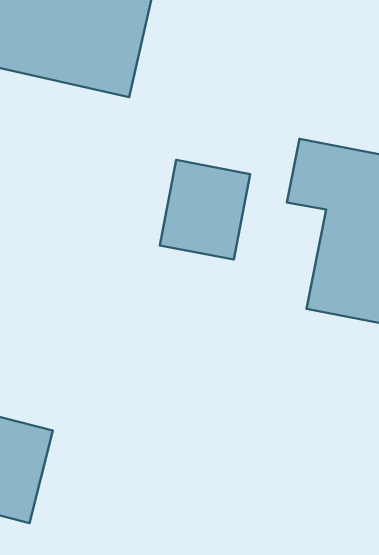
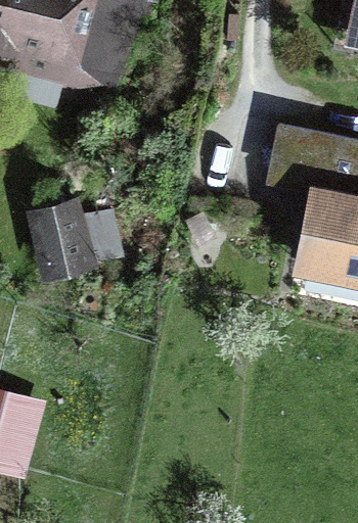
building: [160,160,250,260] -> none
building: none -> [30,188,102,270]

